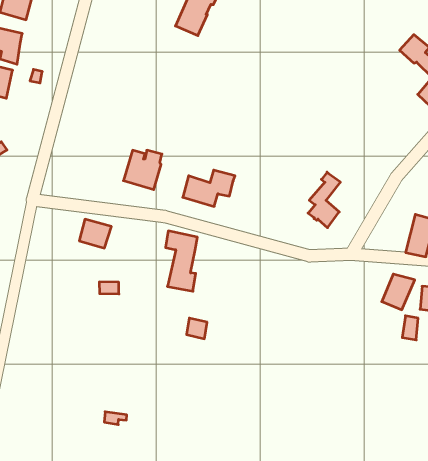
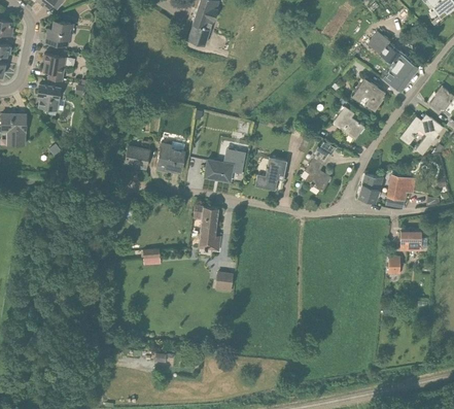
building: none -> [351,77,385,111]
building: none -> [334,97,363,138]
building: none -> [254,157,286,191]
building: [79,219,111,248] -> [125,145,149,167]
building: [382,274,415,310] -> [357,173,382,201]

